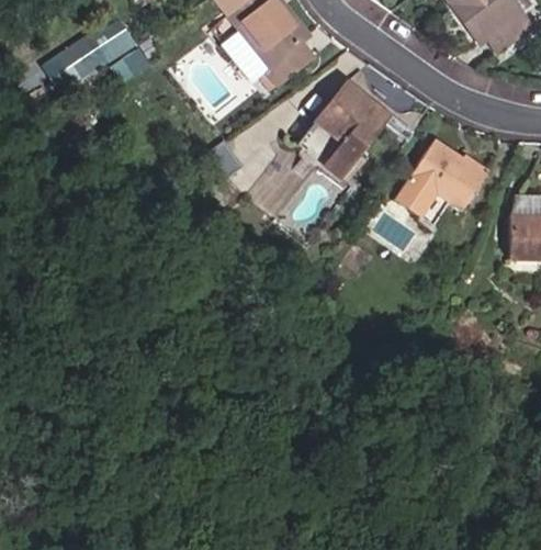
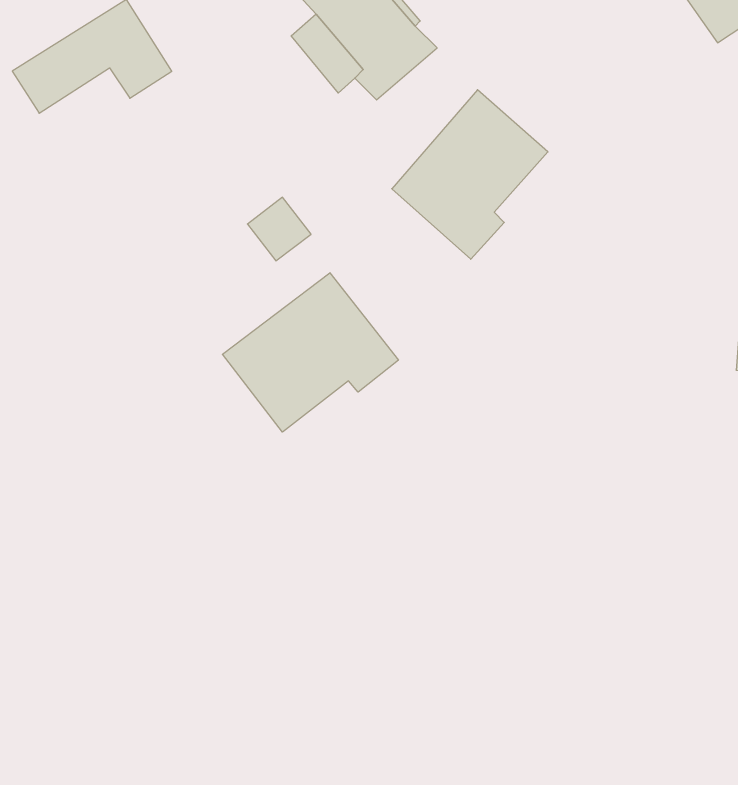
building: [399,136,488,229] -> none
building: none -> [222,273,398,432]

